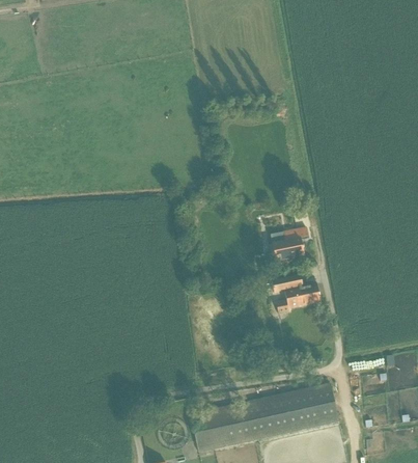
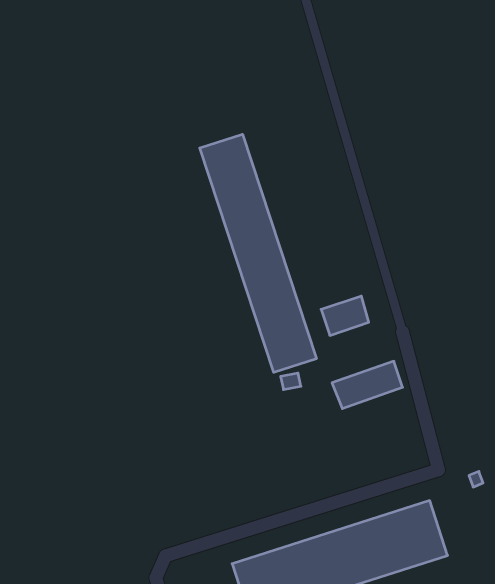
building: none -> [200,134,316,372]

